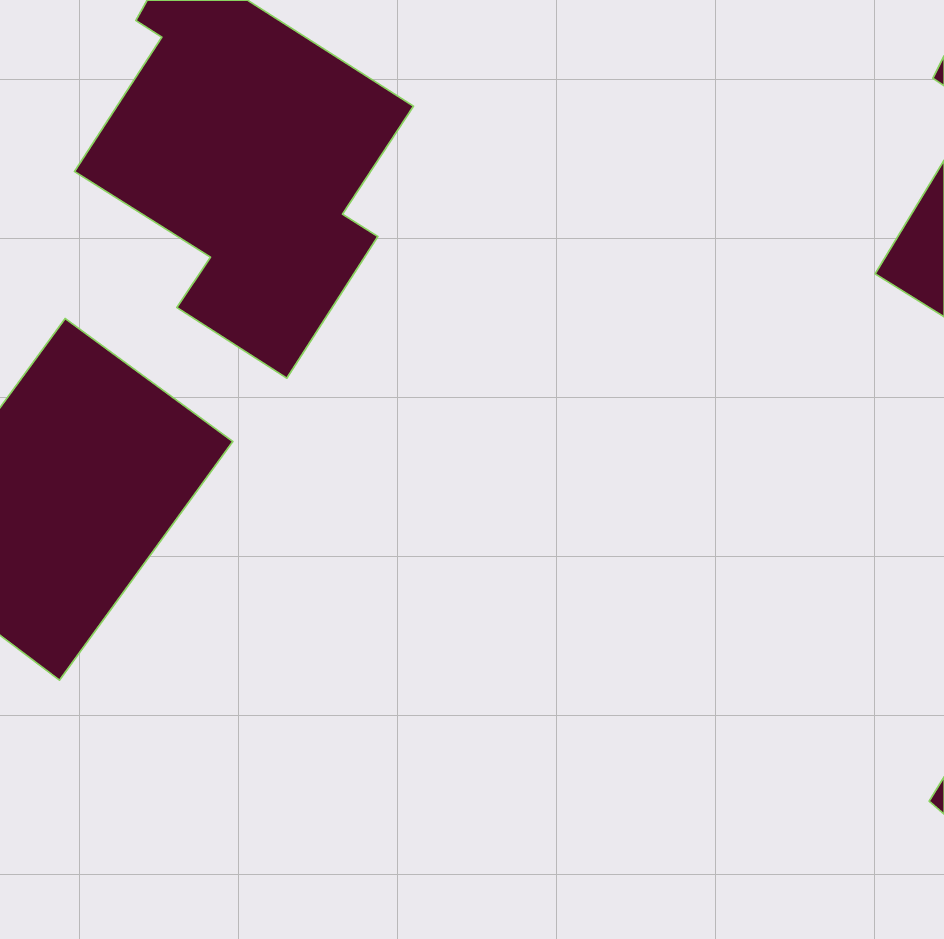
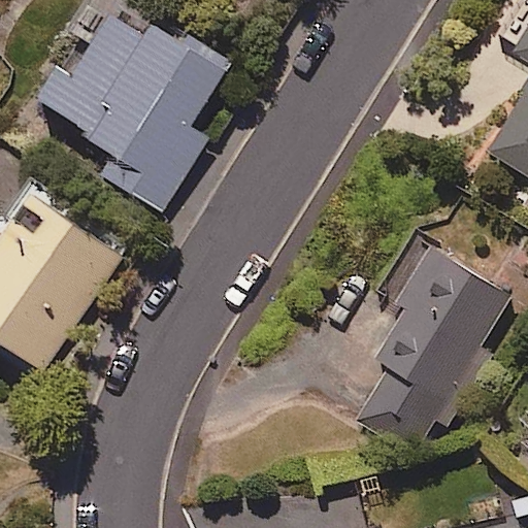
building: none -> [363,242,512,450]

